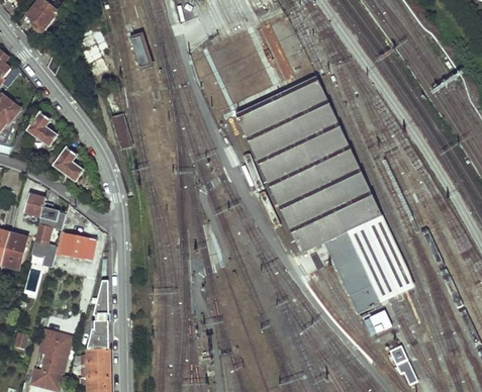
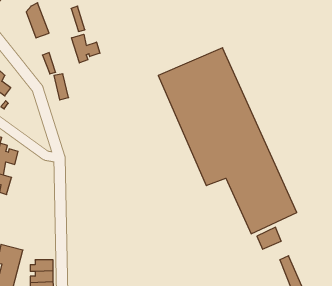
building: none -> [72,34,100,63]
building: [54,146,82,180] -> none
building: [61,232,95,259] -> none
building: [87,279,109,348] -> none

